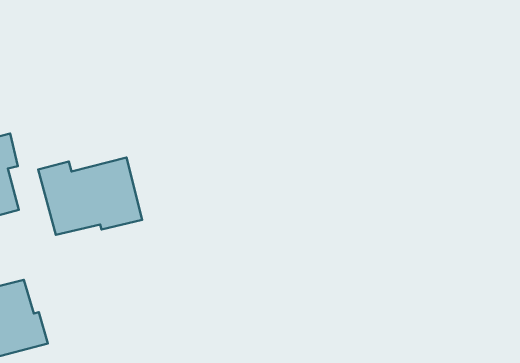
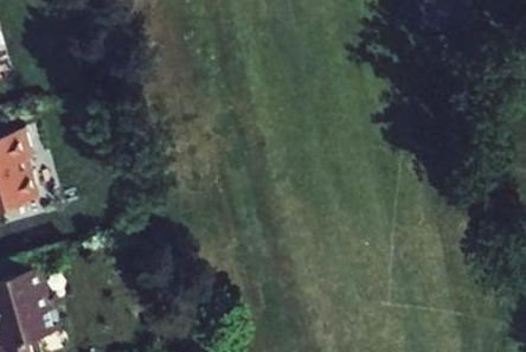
building: [38,158,142,235] -> none

